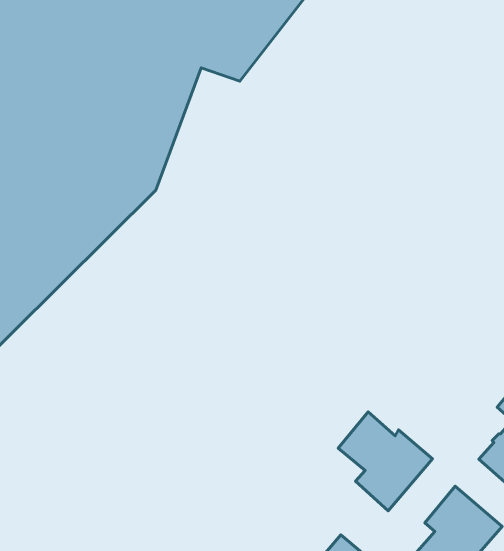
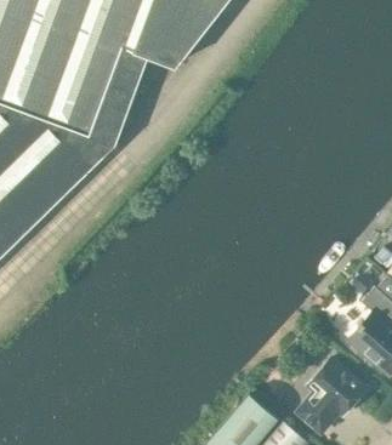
building: [338,412,433,511] -> none

